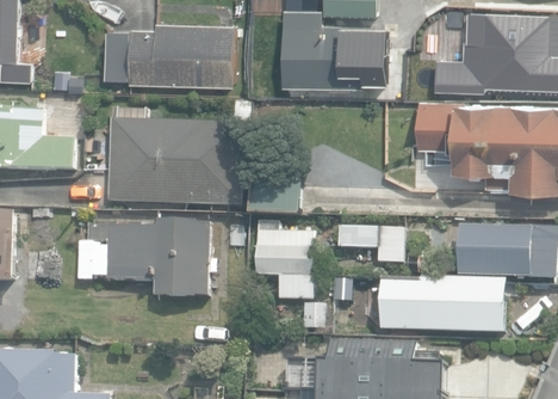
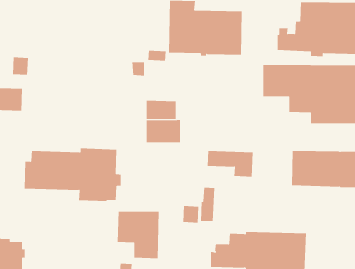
building: [103,22,234,86] -> none
building: [107,109,244,208] -> none
building: [255,232,316,300] -> [117,211,159,259]
building: [379,277,506,333] -> none

